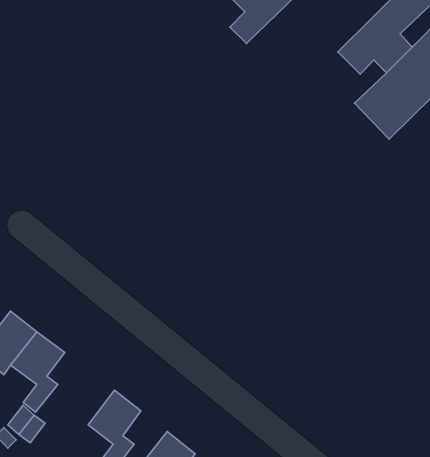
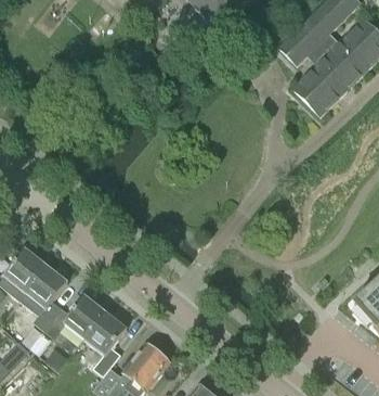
building: none -> [43,295,105,338]

